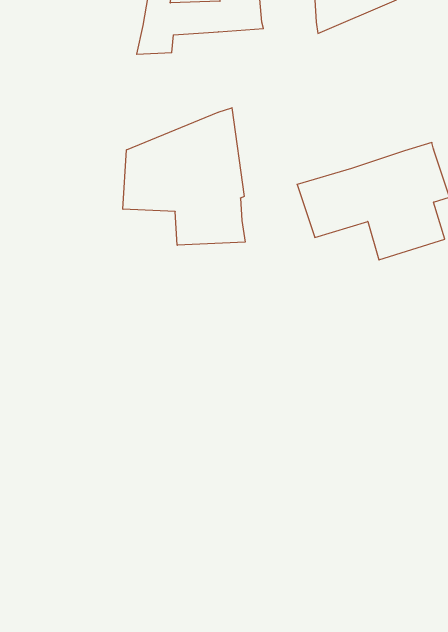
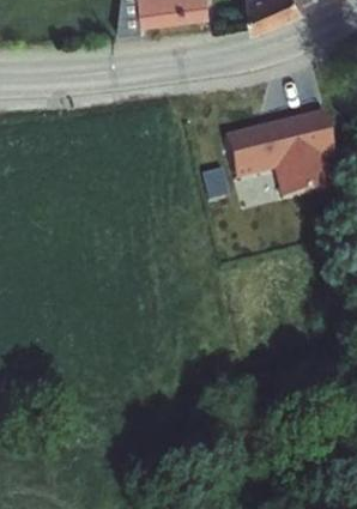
building: [123,108,245,245] -> none

